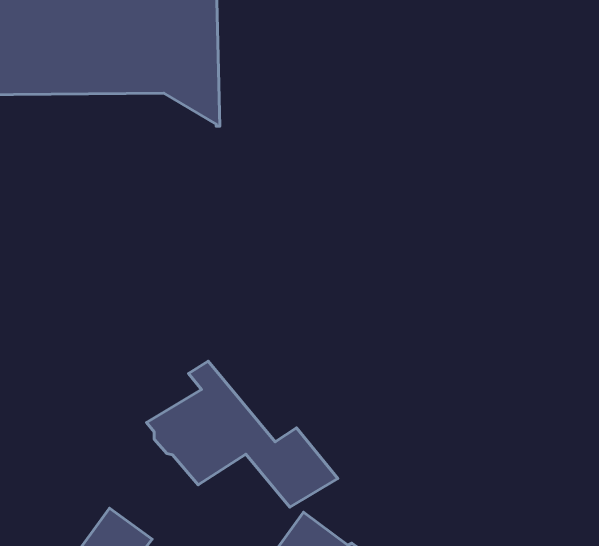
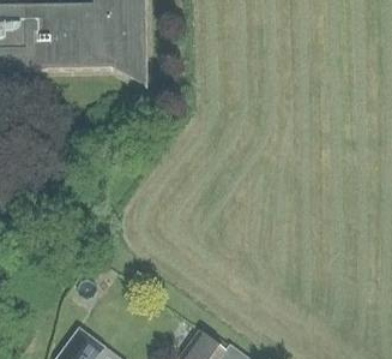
building: [147,361,338,507] -> none

